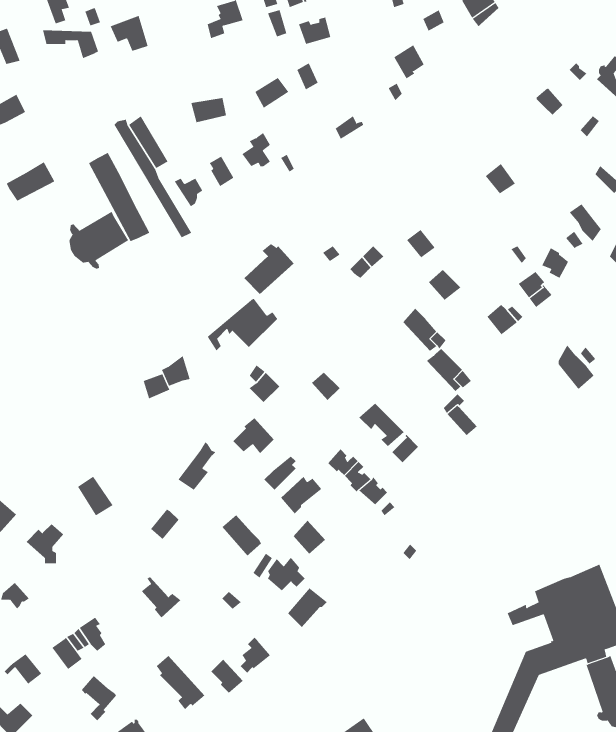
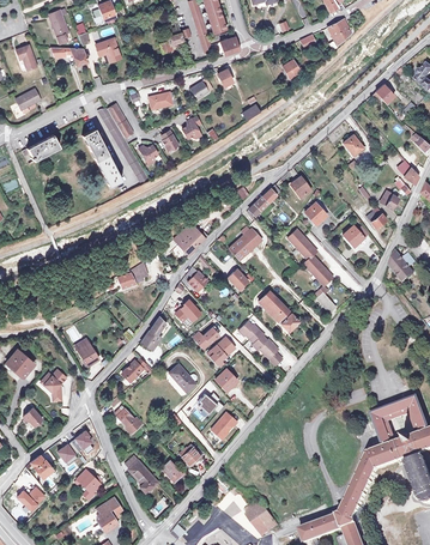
building: [69,211,129,269] -> none
building: [243,244,295,295] -> [228,226,261,260]

